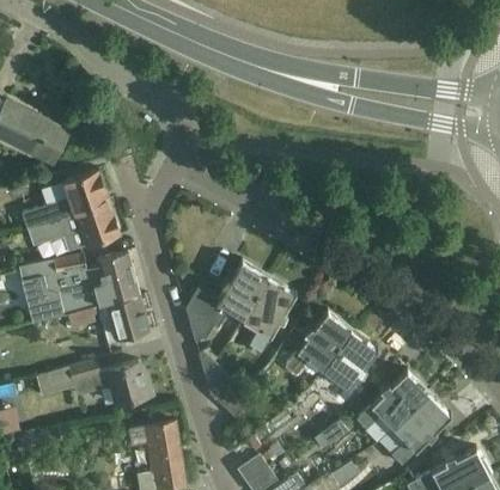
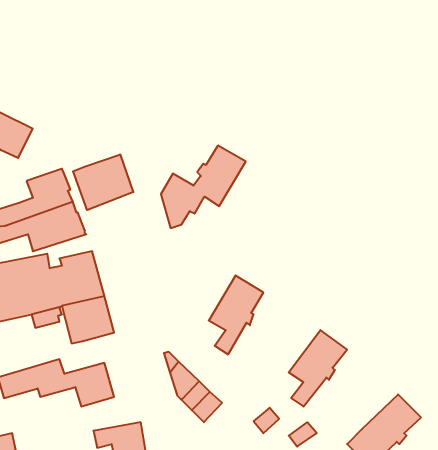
building: none -> [73,154,133,210]
building: [185,261,269,342] -> [161,146,246,228]
building: [285,311,353,375] -> none
building: [358,370,429,428] -> none

